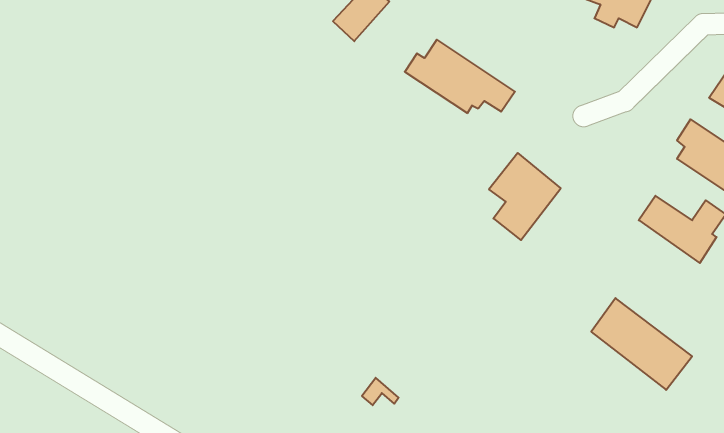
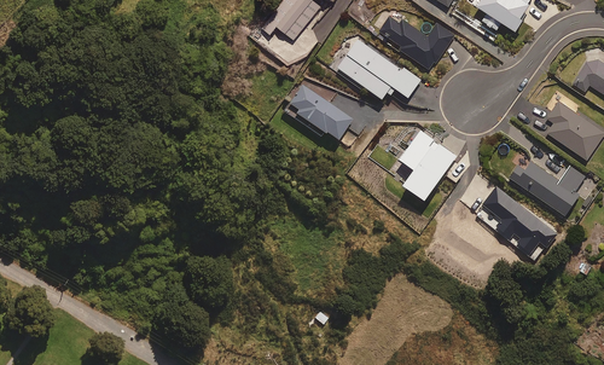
building: none -> [379,17,454,70]
building: none -> [289,85,350,140]
building: [591,298,692,390] -> [476,187,556,260]

